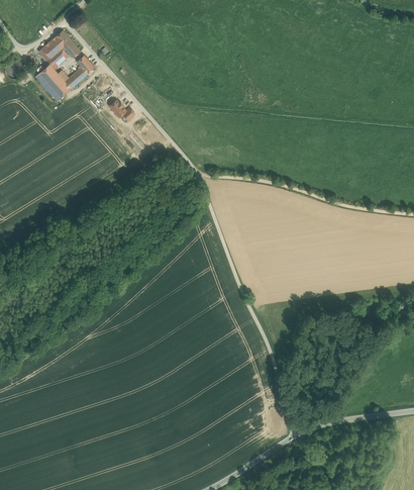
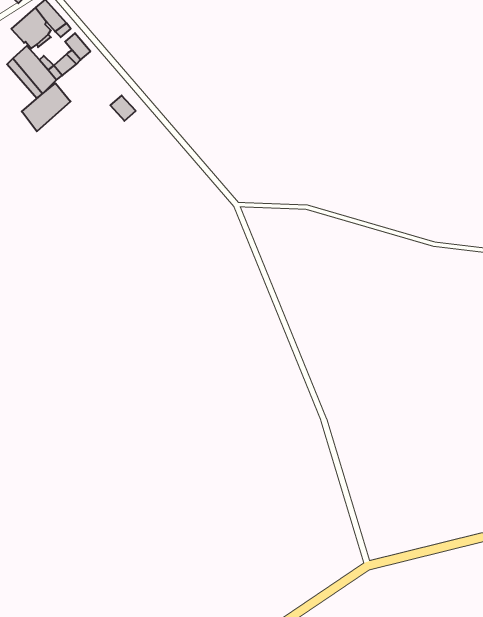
building: none -> [22,83,71,131]

